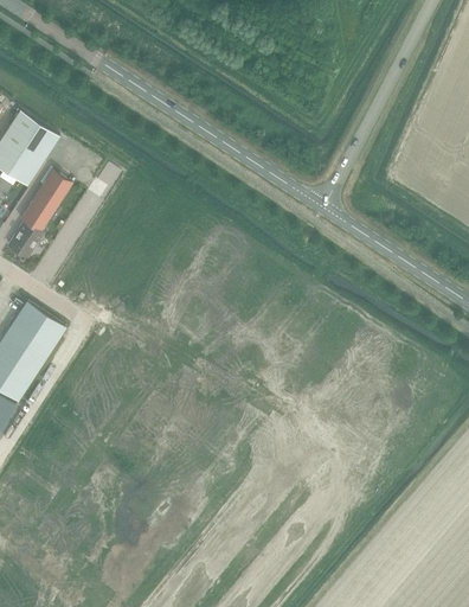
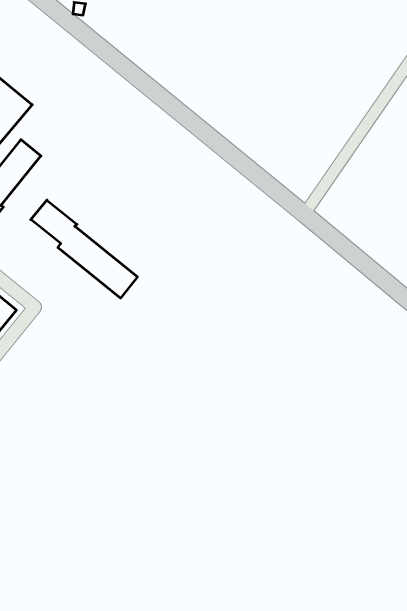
building: none -> [31,200,137,298]

